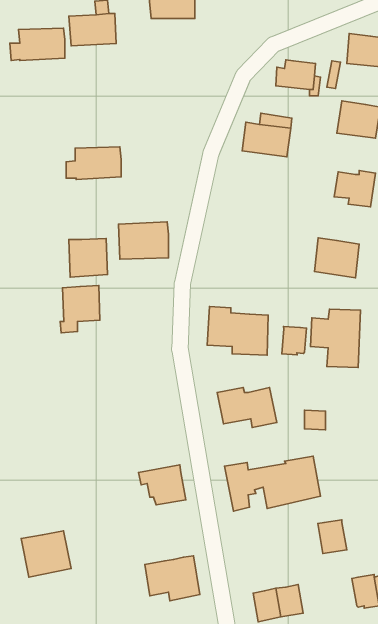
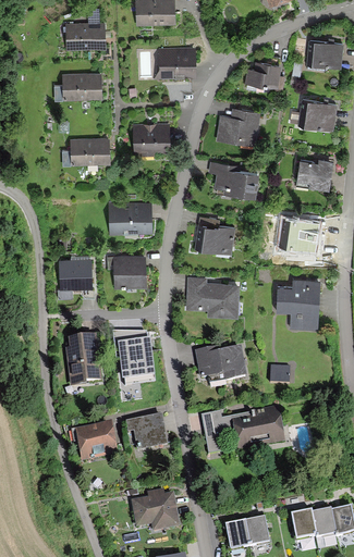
building: [10,28,65,61] -> [54,72,102,100]
building: none -> [159,47,197,79]
building: none -> [133,123,171,156]
building: none -> [210,161,259,197]
building: [69,238,108,277] -> [113,255,147,288]
building: none -> [202,224,236,255]
building: [282,327,306,355] -> none
building: none -> [119,334,149,383]
building: none -> [65,335,102,387]
building: [318,520,347,554] -> [292,511,317,541]
building: [21,531,71,577] -> [75,422,119,462]

